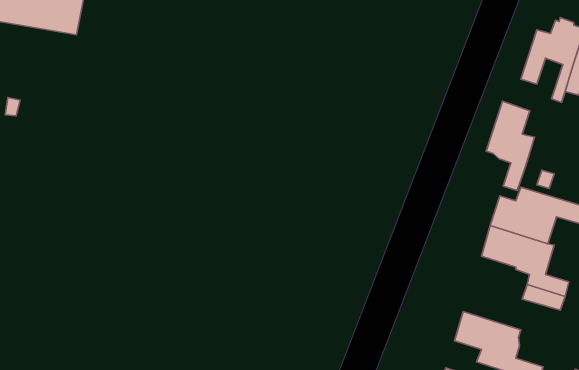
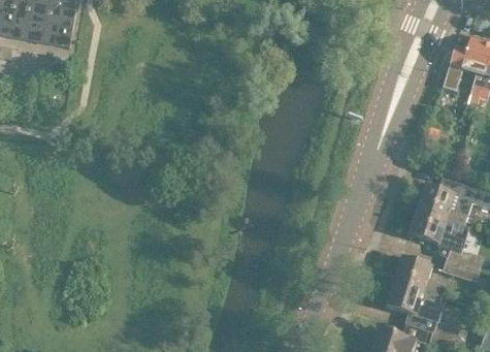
building: [486,101,534,191] -> none
building: none -> [392,257,444,297]

